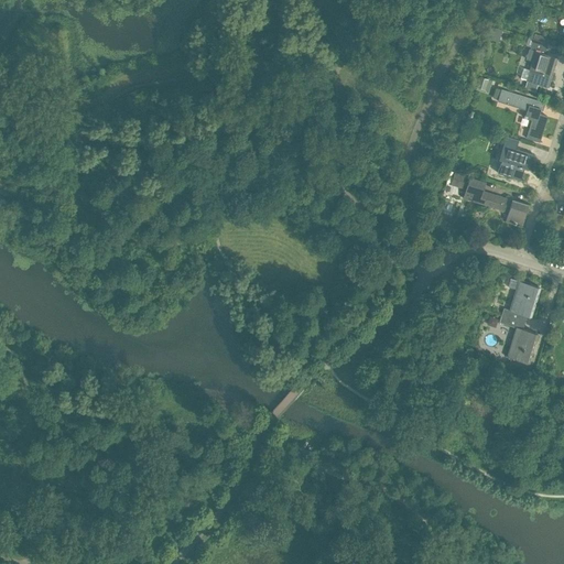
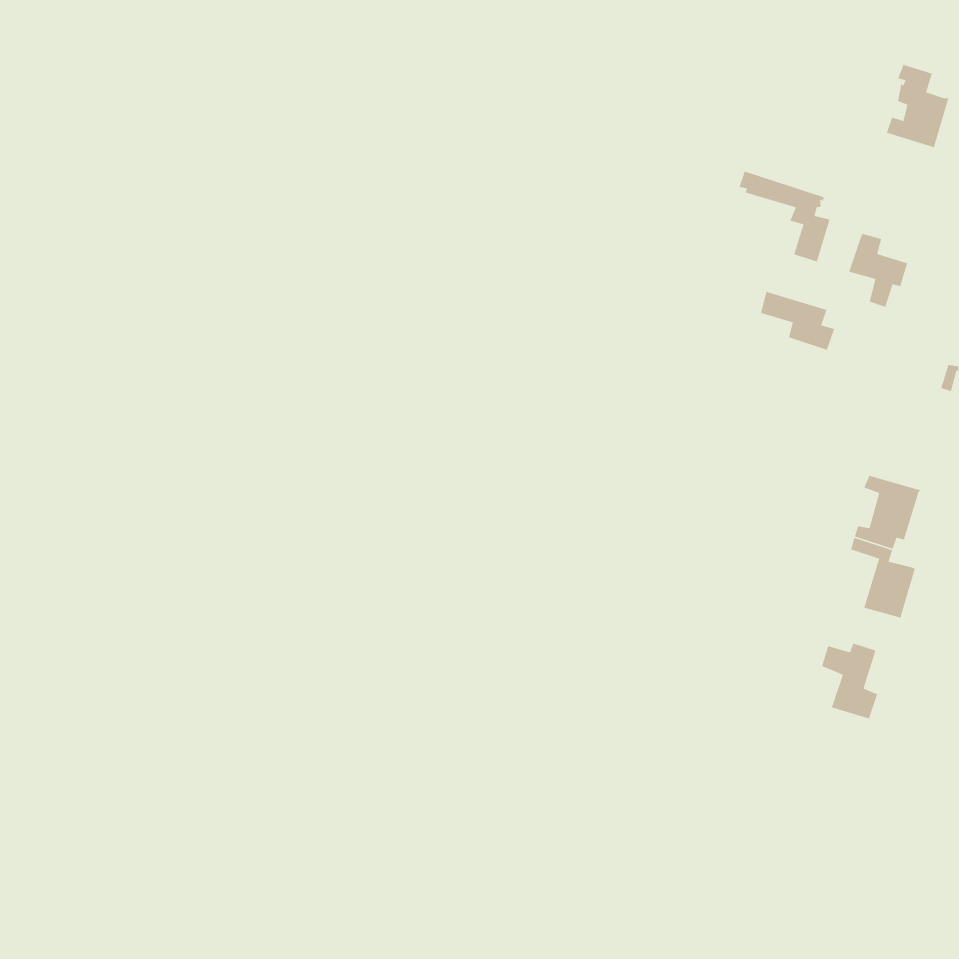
building: [494,88,547,142] -> [739,170,831,262]
building: [486,193,528,227] -> none
building: none -> [821,642,878,719]

